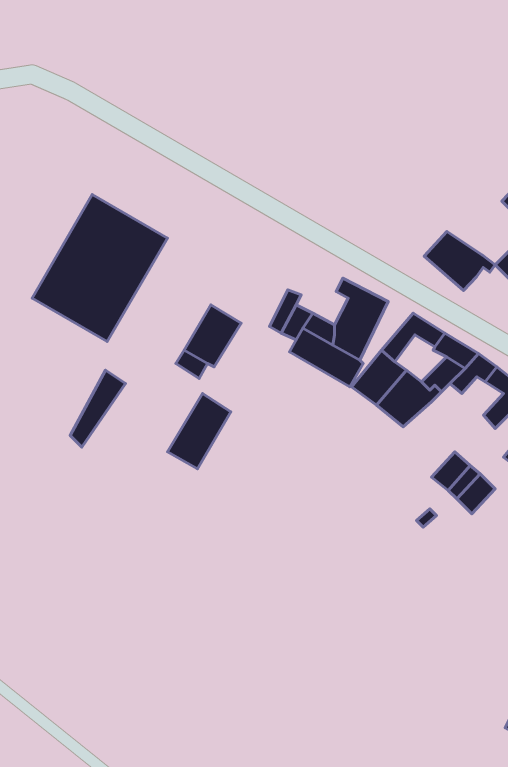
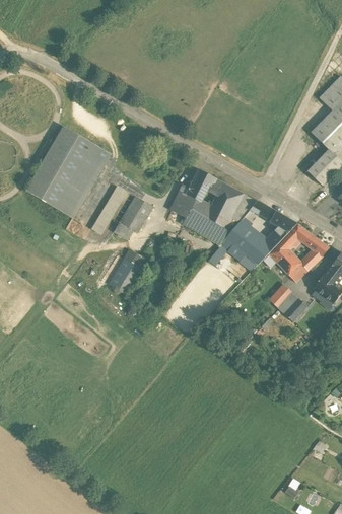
building: [424,231,495,290] -> none
building: none -> [187,170,215,200]
building: [70,370,125,447] -> [93,185,127,231]
building: none -> [269,242,307,282]

